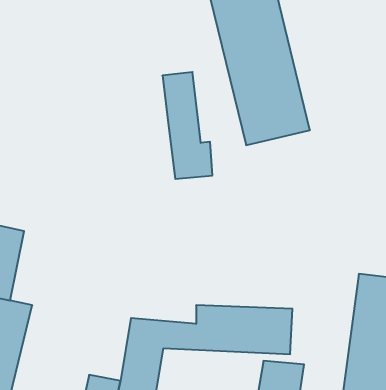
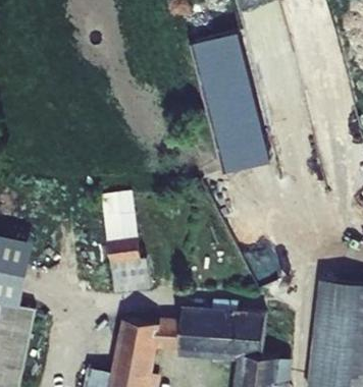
building: [162,72,212,179] -> [101,197,145,290]

